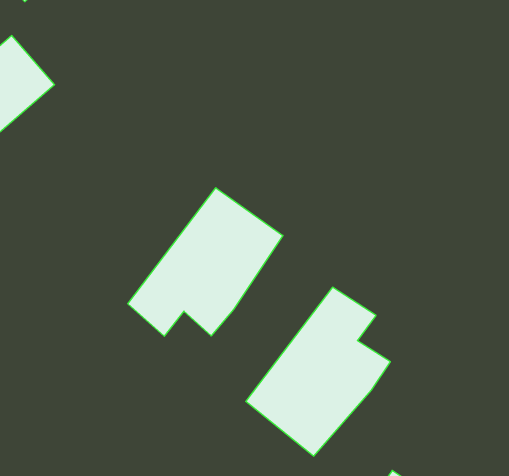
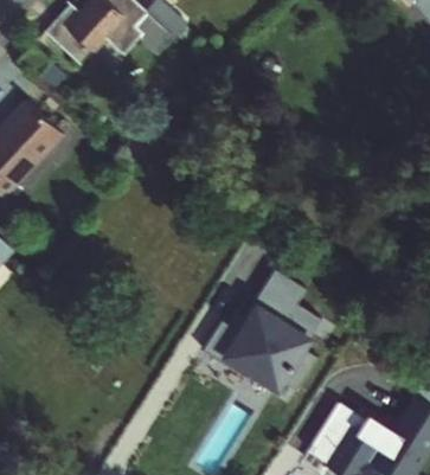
building: [128,188,283,336] -> none

